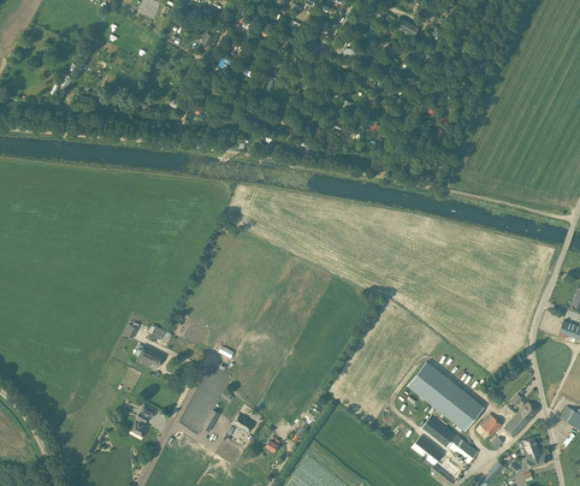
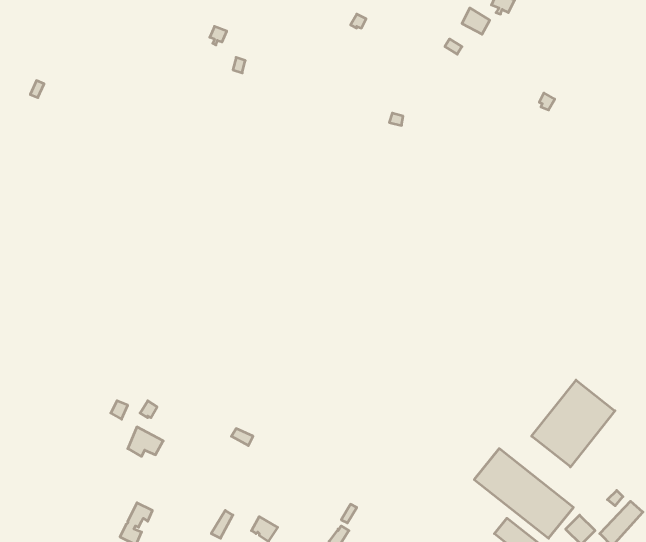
building: none -> [532,380,615,467]

